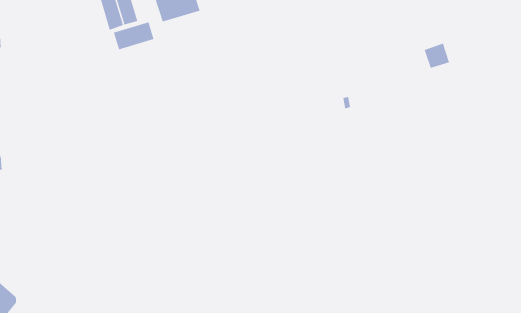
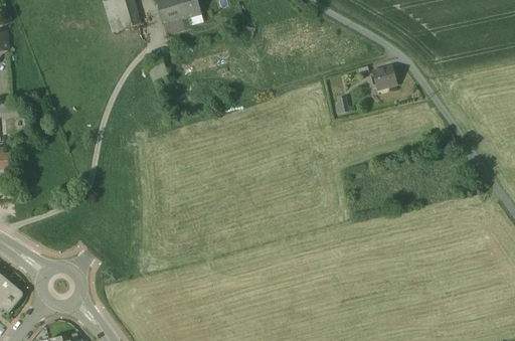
building: [113,22,154,50] -> none
building: [424,43,450,69] -> [372,65,397,91]

